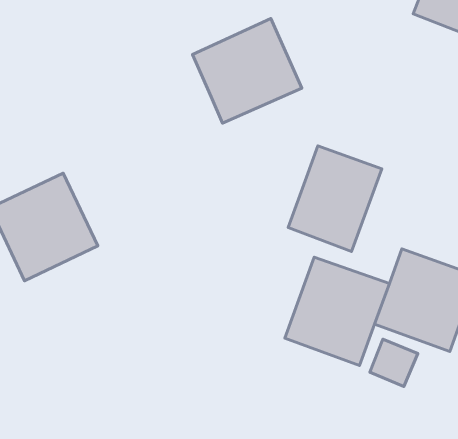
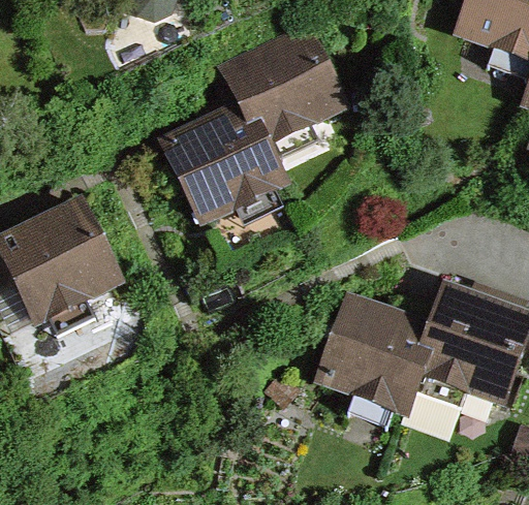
building: none -> [162,118,276,232]
building: [288,146,382,252] -> none

